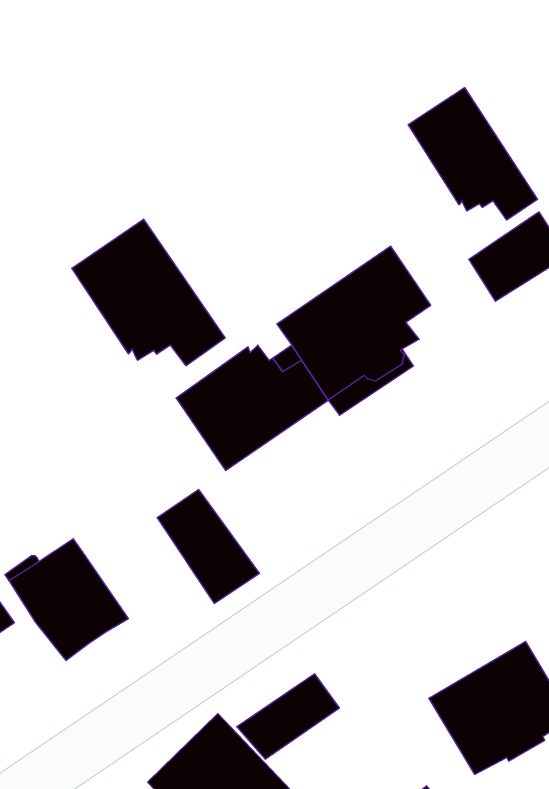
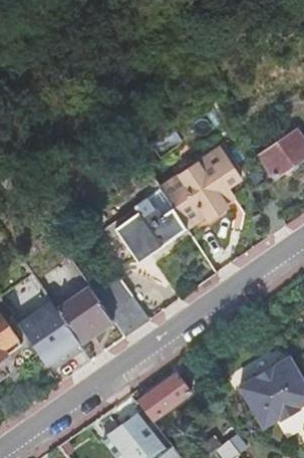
building: [408,88,537,220] -> none
building: [72,219,225,366] -> none
building: none -> [57,286,126,343]

